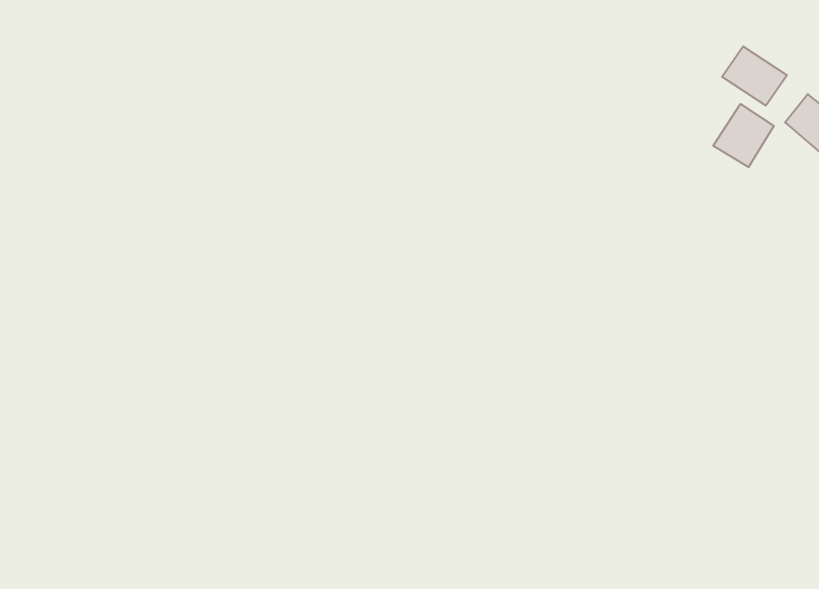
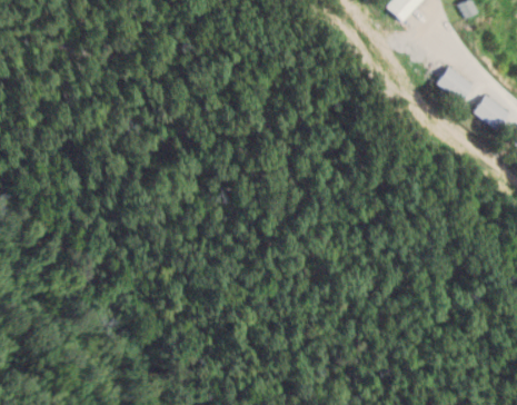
building: [713,104,774,167] -> none

